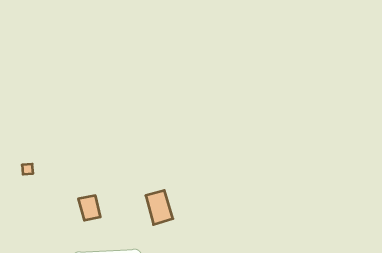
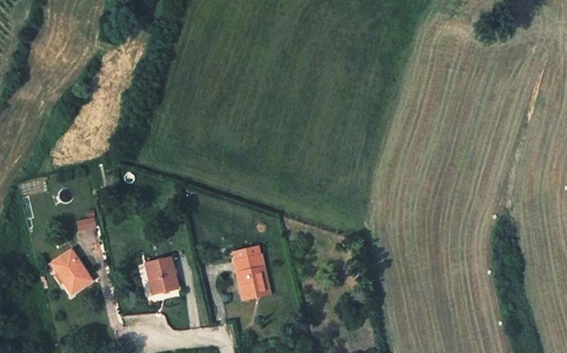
building: none -> [51,248,91,290]

